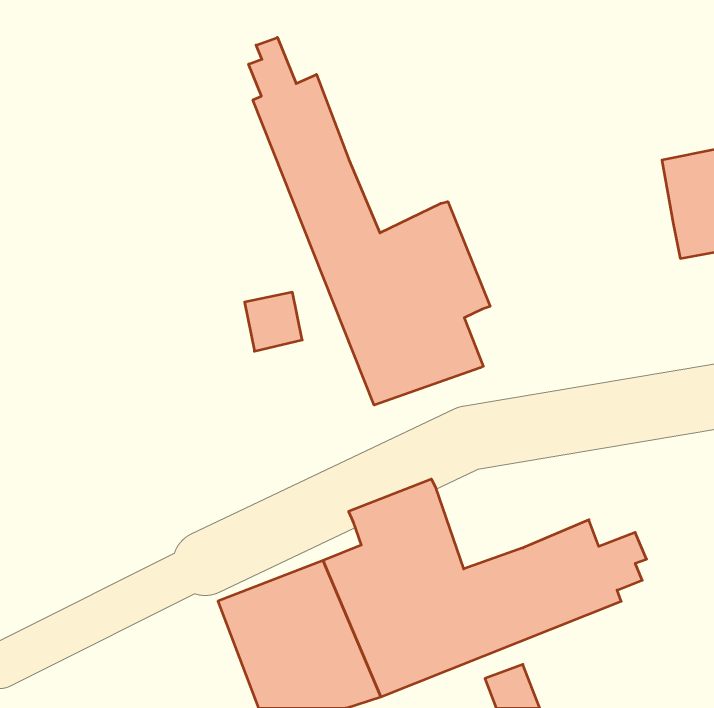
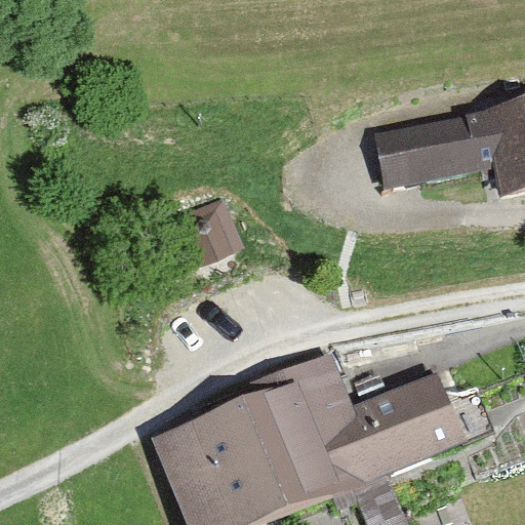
building: [249,37,490,405] -> none
building: none -> [376,117,494,184]

